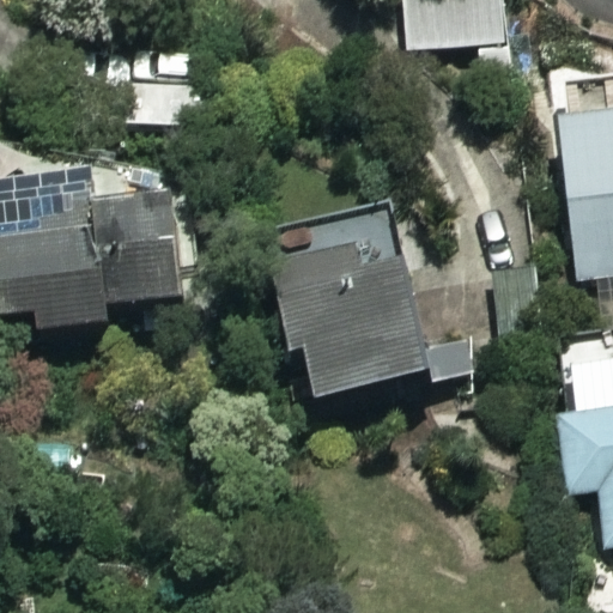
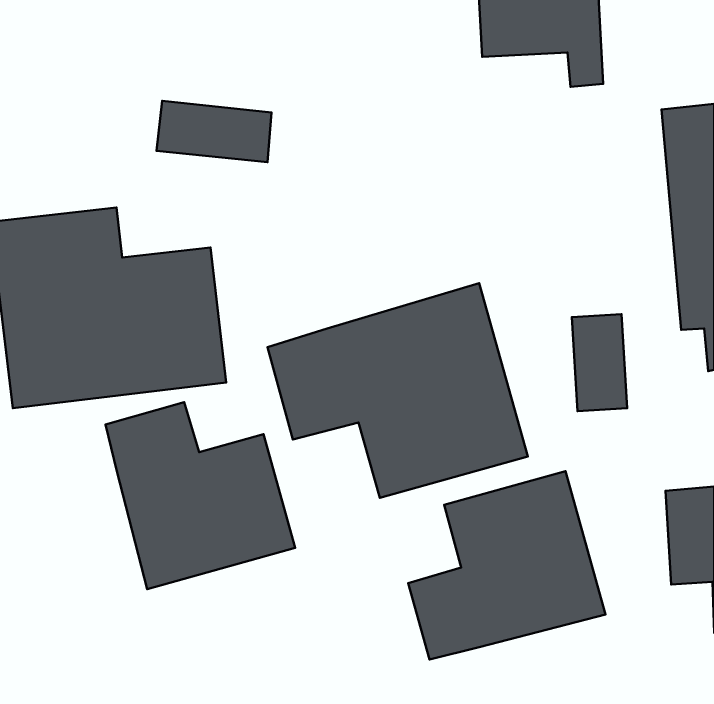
building: none -> [105,402,295,589]
building: none -> [408,471,606,660]

